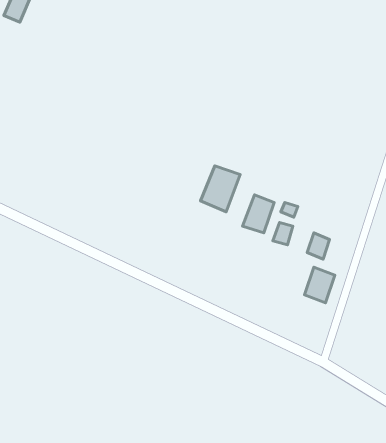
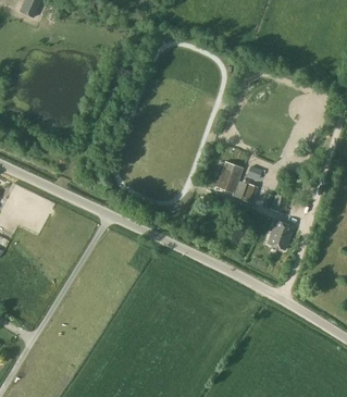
building: [201,166,240,212] -> none

